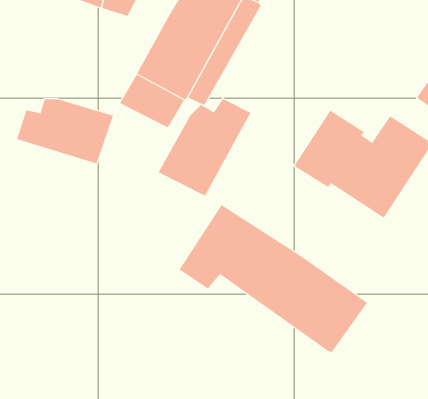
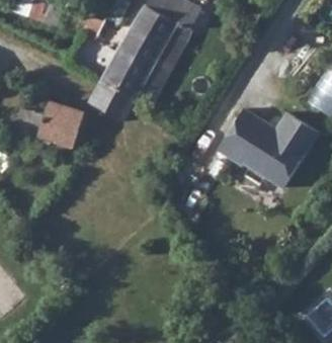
building: [158,98,251,197] -> none
building: [179,204,368,353] -> none

